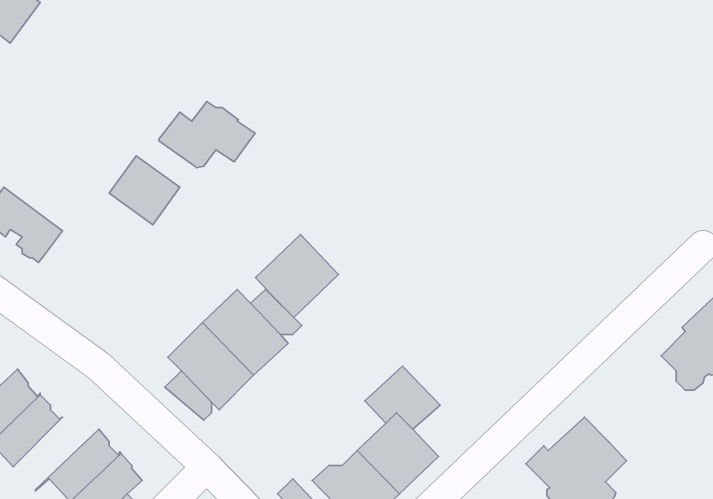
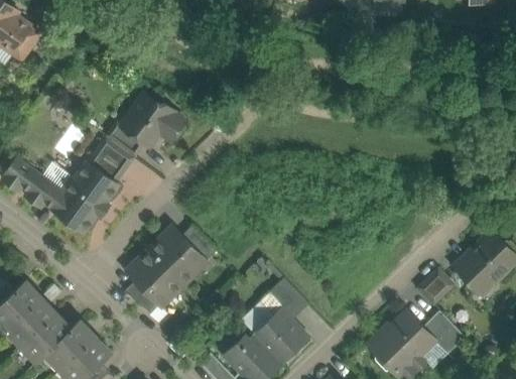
building: none -> [106,121,145,157]
building: none -> [44,161,119,233]
building: [255,234,339,318] -> none
building: none -> [418,268,454,304]
building: none -> [422,310,465,354]
building: none -> [23,311,81,360]

